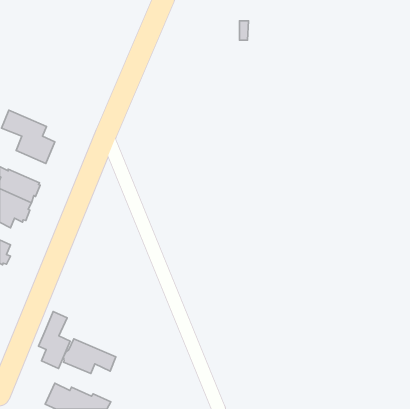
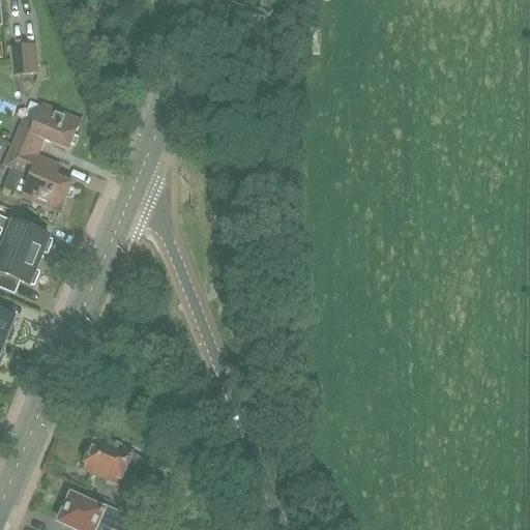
building: none -> [8,42,38,75]
building: none -> [11,102,79,152]
building: [39,312,70,368] -> none

